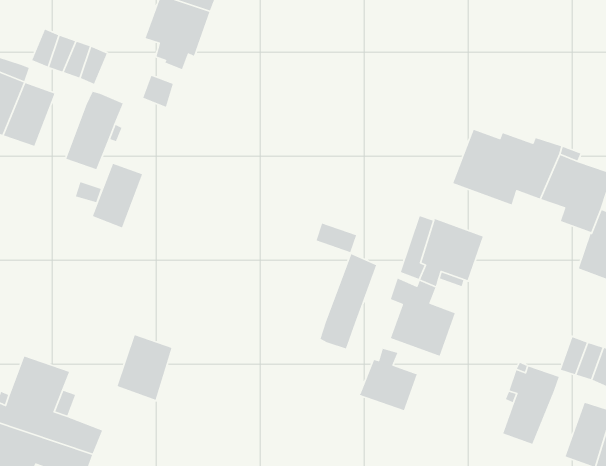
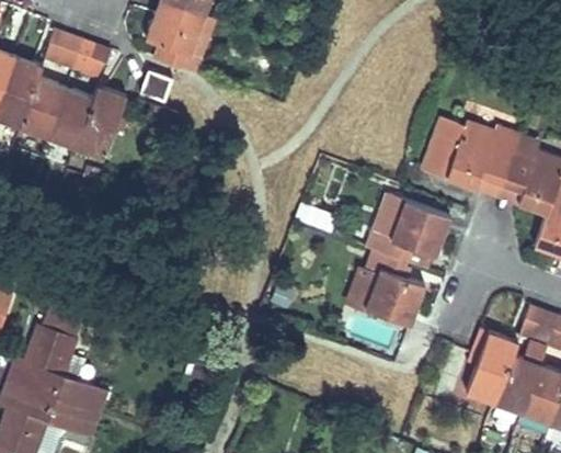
building: [92,163,143,229] -> [46,88,92,147]
building: [319,253,377,349] -> none
building: [117,334,173,401] -> none
building: [358,348,418,411] -> none
building: none -> [493,355,539,415]

